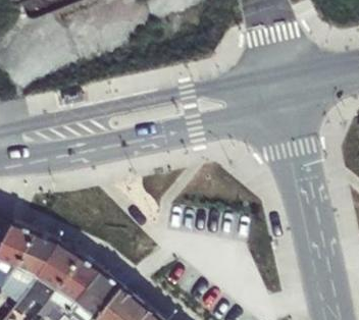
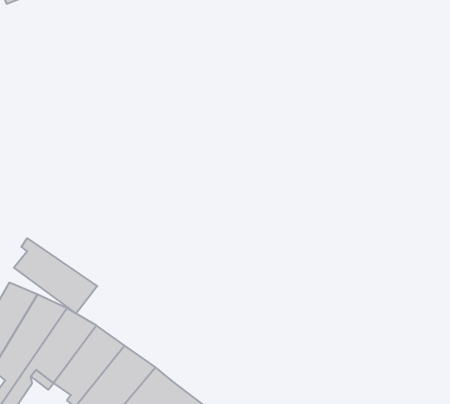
building: none -> [14,238,97,313]

